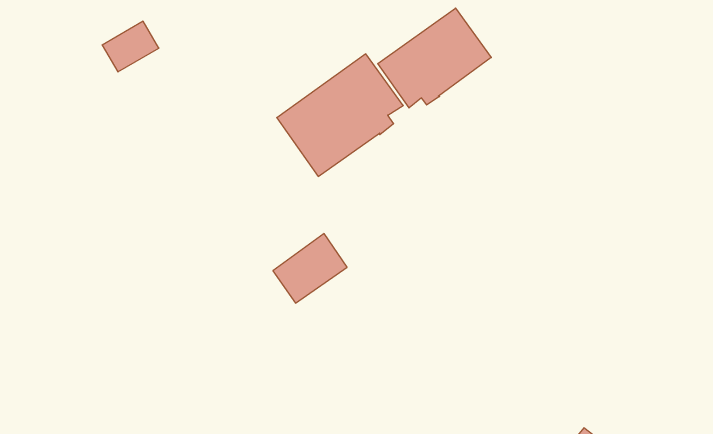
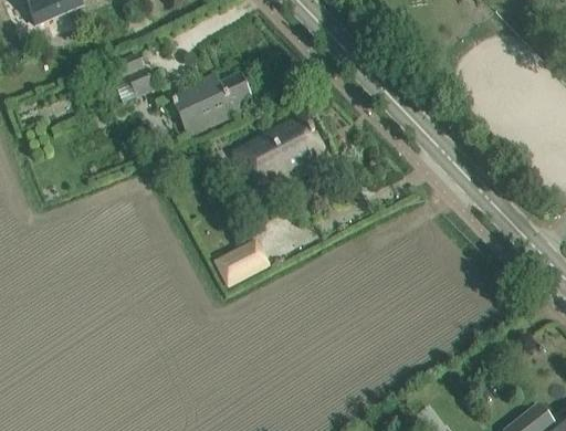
building: [378,8,491,108] -> none
building: none -> [170,71,251,133]

